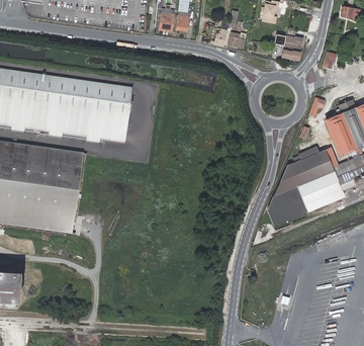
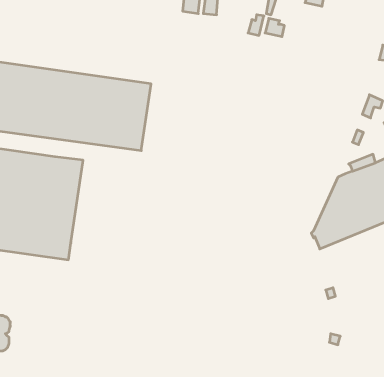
building: [274,31,303,59] -> none

